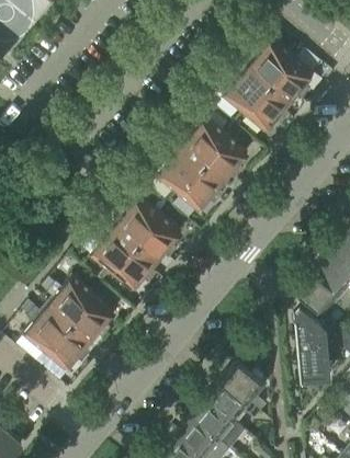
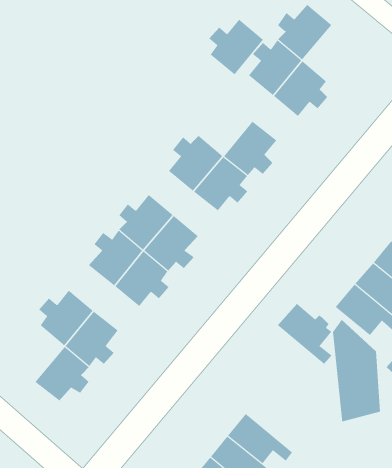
building: [268,55,314,102] -> none
building: [180,117,226,164] -> [209,19,264,75]
building: [23,306,69,353] -> none
building: [221,360,267,412] -> [277,303,332,365]

